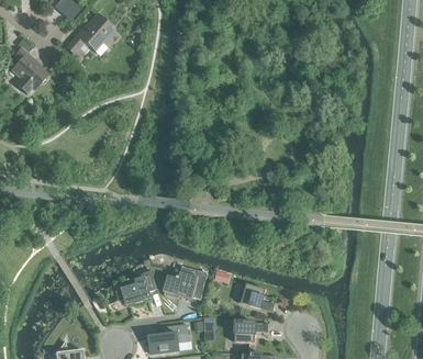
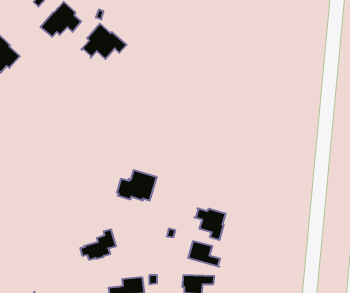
building: none -> [82,24,127,59]
building: none -> [194,208,225,240]
building: [163,266,208,300] -> [117,170,157,200]

